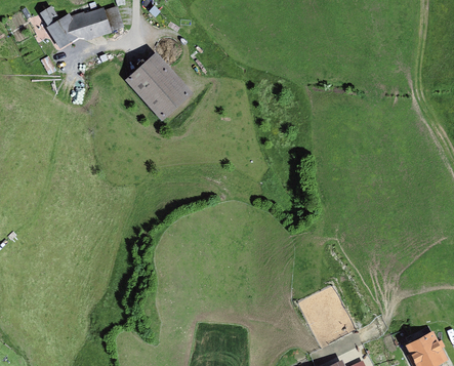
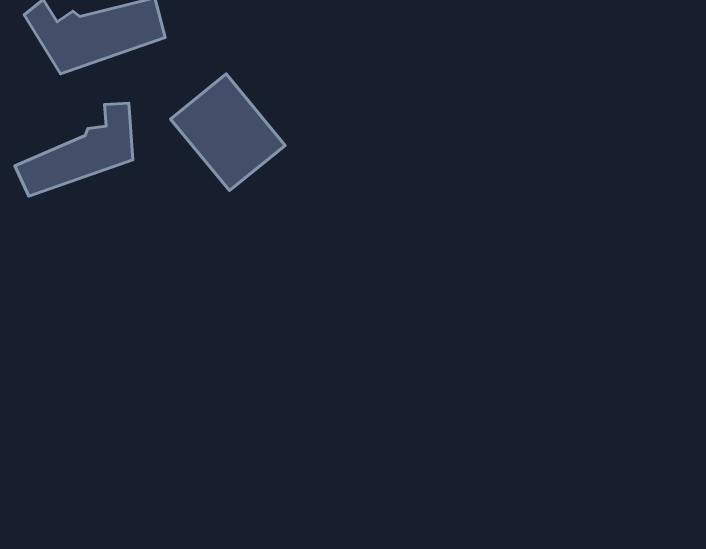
building: none -> [15,103,133,196]

